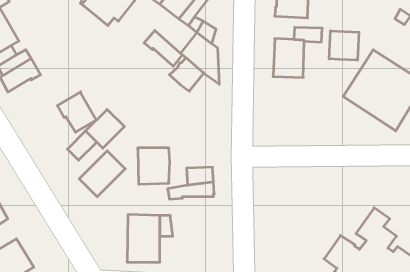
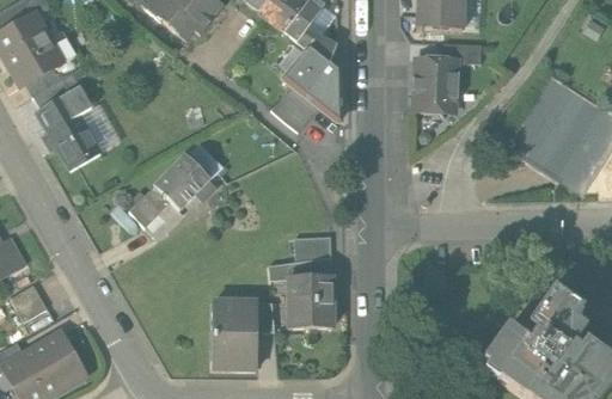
building: [144,30,182,66] -> none
building: [329,31,359,60] -> none
building: [57,92,96,132] -> [47,111,100,167]
building: [138,148,170,184] -> [288,275,332,325]
building: [79,151,125,197] -> none

